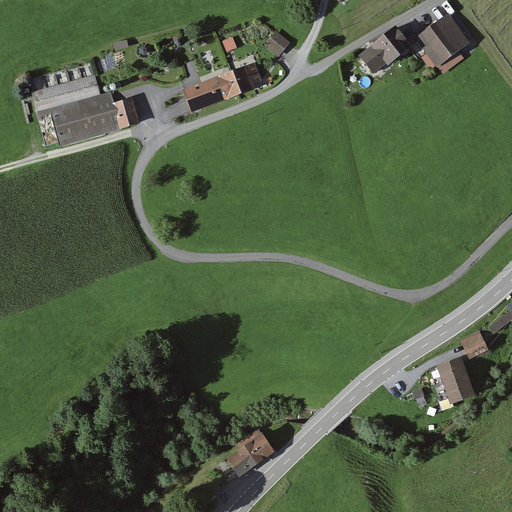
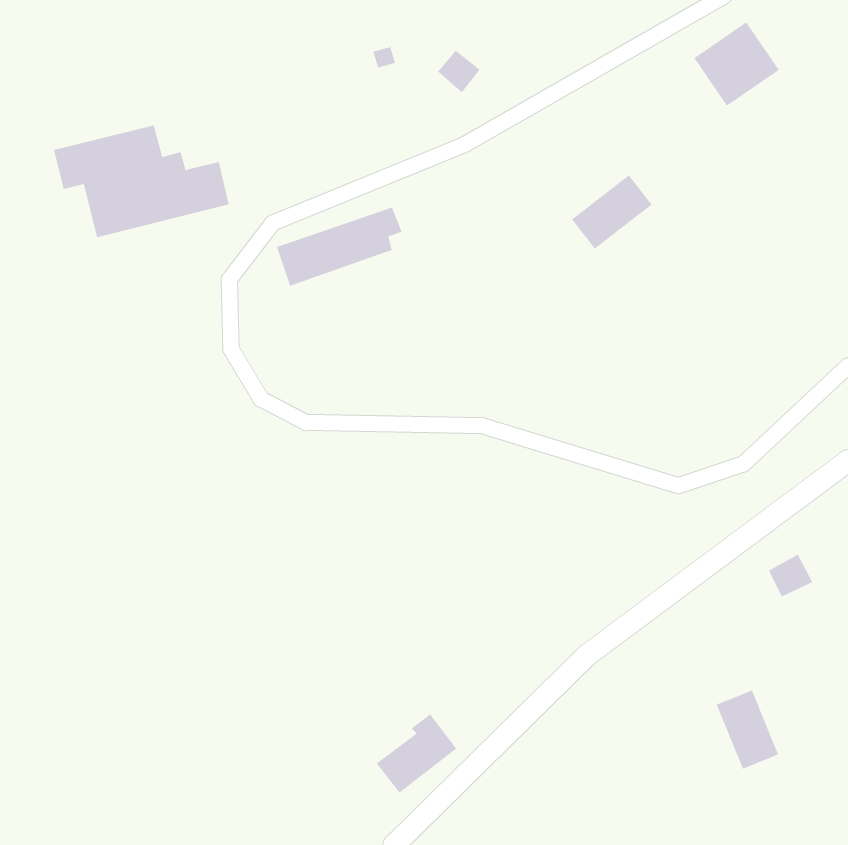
building: [363,27,412,72] -> [571,175,653,249]
building: [184,63,260,111] -> [276,207,403,287]
building: [437,356,475,404] -> [716,690,779,770]

